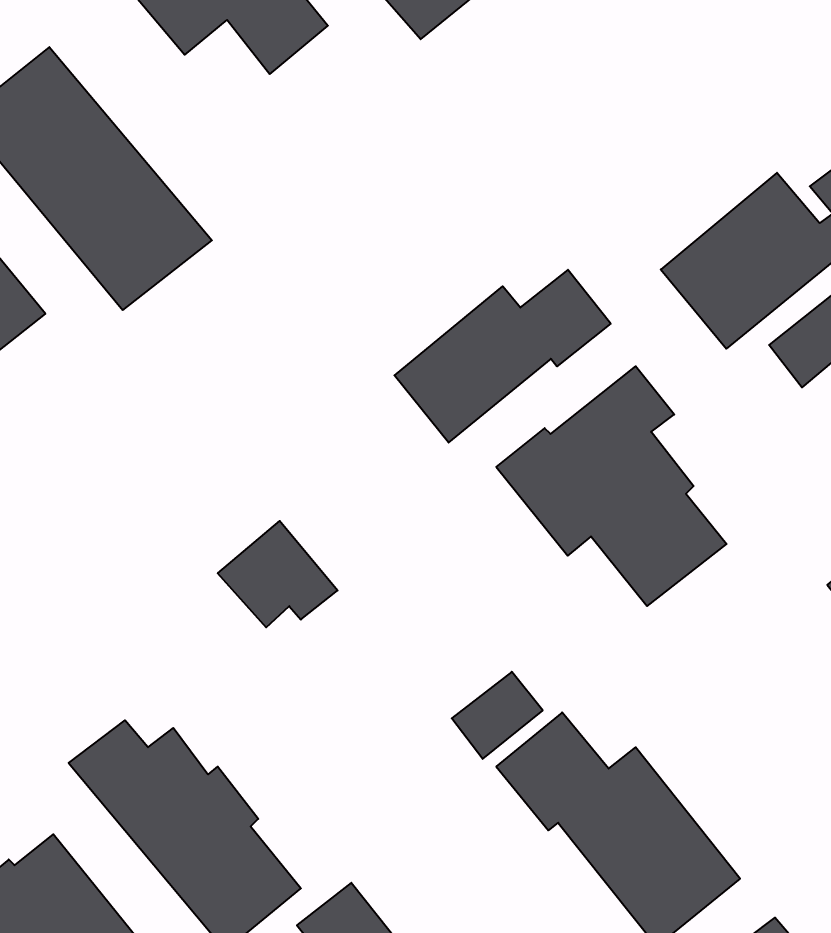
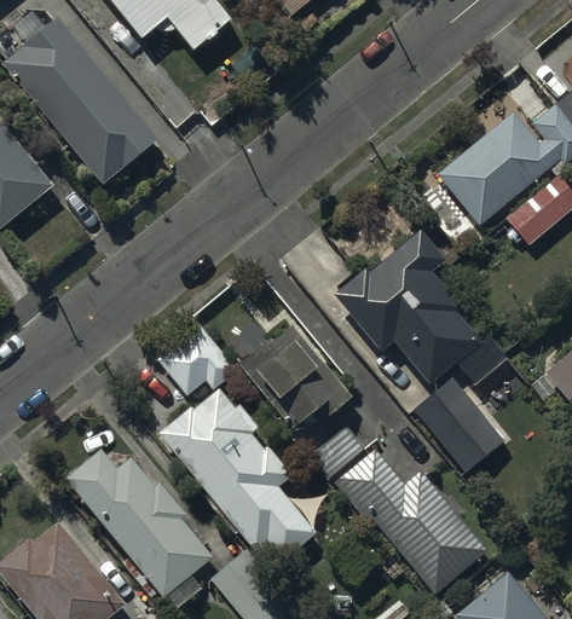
building: [394,270,611,443] -> none
building: none -> [241,322,354,429]
building: none -> [412,378,503,473]
building: none -> [160,388,318,566]

